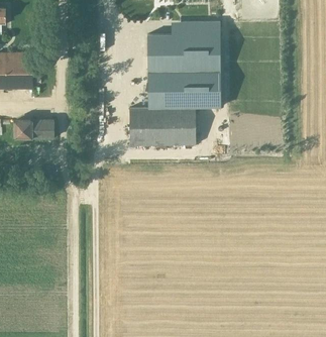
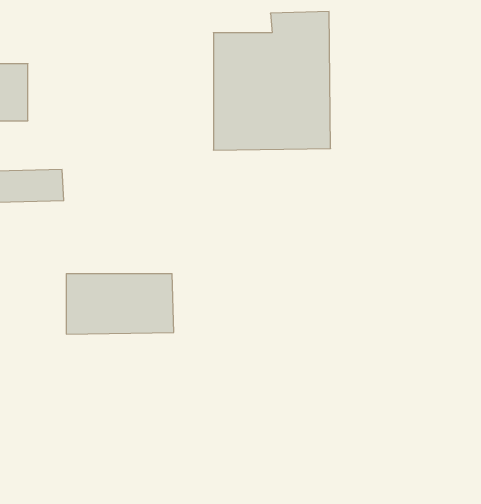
building: [129,108,196,145] -> [66,274,174,334]

